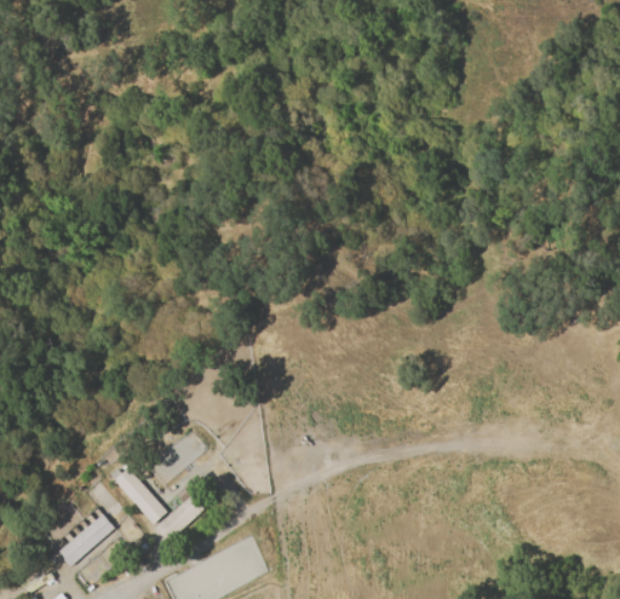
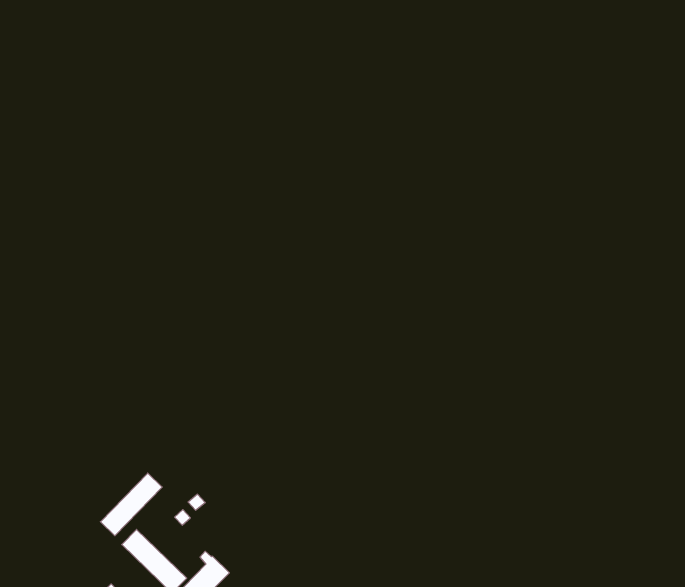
building: none -> [100,473,162,536]

